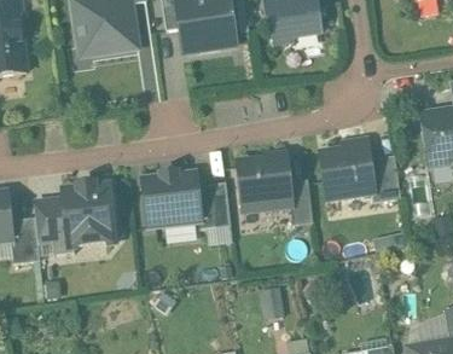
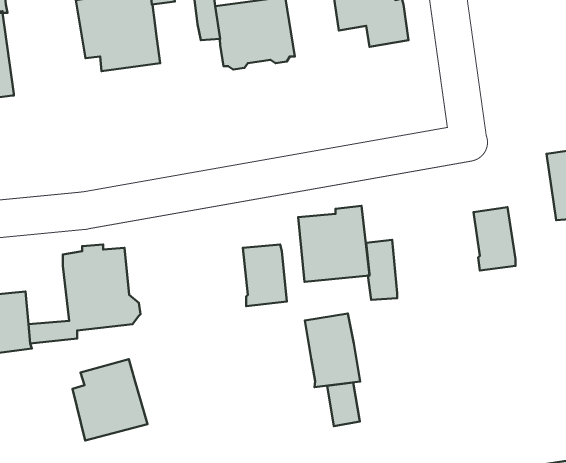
building: [319,146,372,198] -> none
building: [141,172,199,226] -> none
building: [31,198,66,242] -> none
building: none -> [305,313,360,387]
building: none -> [72,359,148,441]

